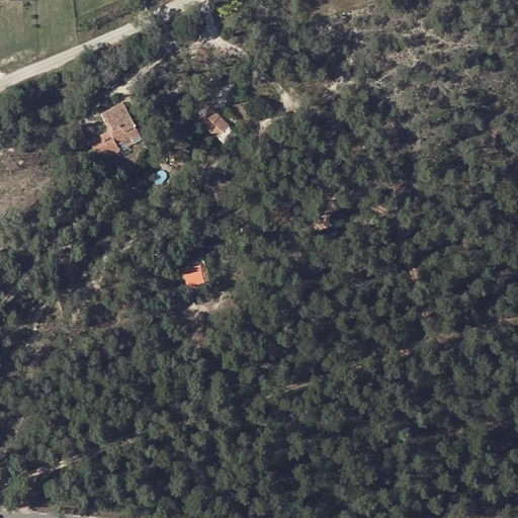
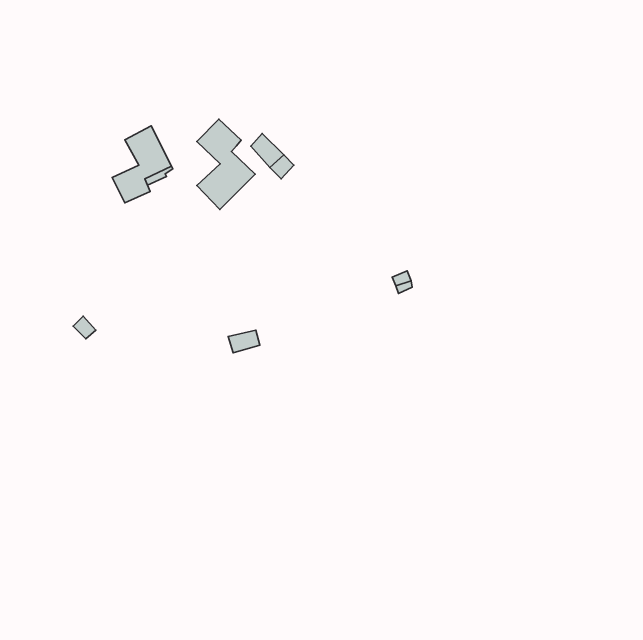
building: none -> [197,119,255,209]

